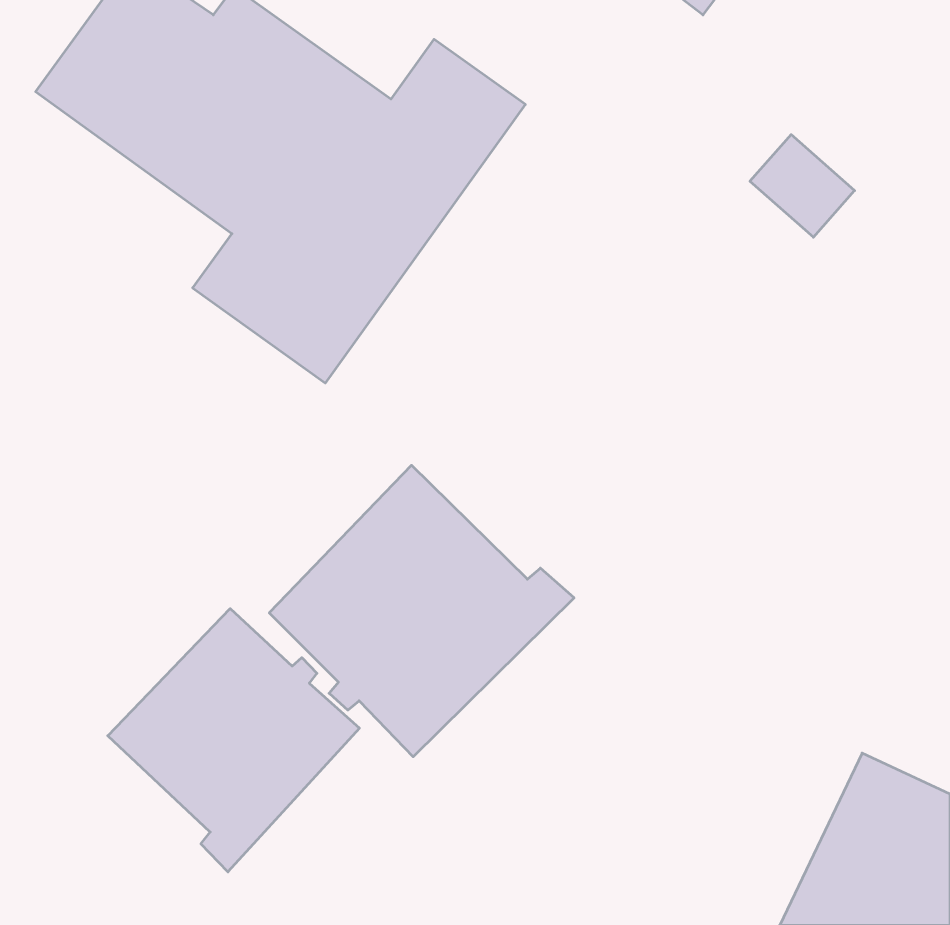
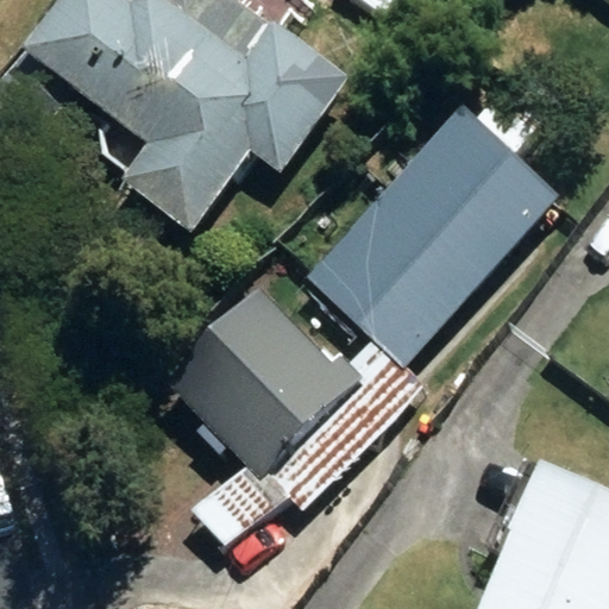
building: none -> [312,115,559,363]
building: [108,609,359,872] -> none

